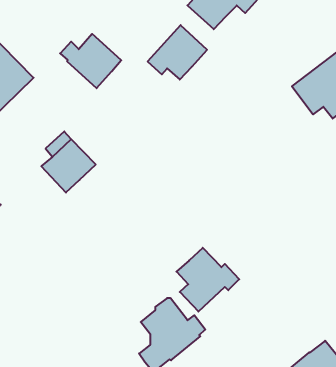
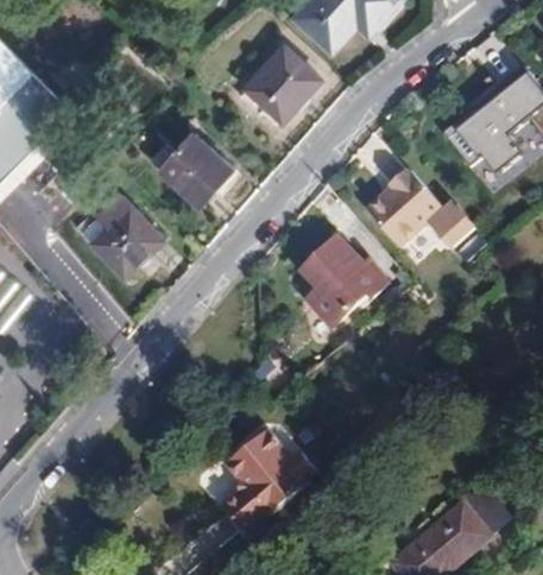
building: [60,34,121,88] -> [147,131,233,207]
building: none -> [365,170,473,248]
building: [176,248,239,312] -> [299,236,387,326]

